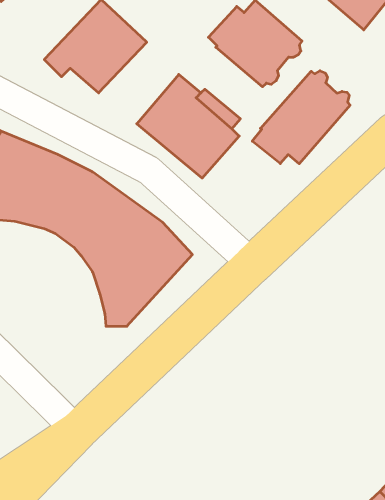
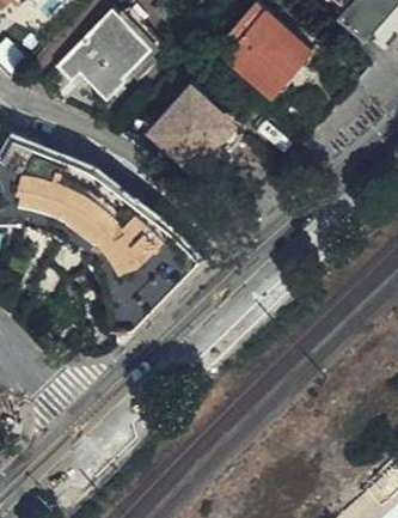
building: [252,71,350,164] -> none

